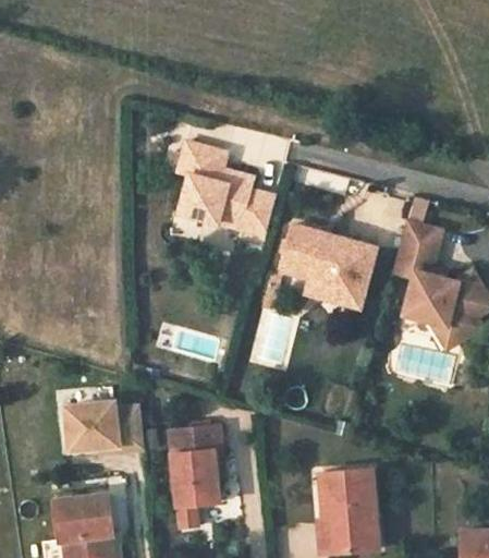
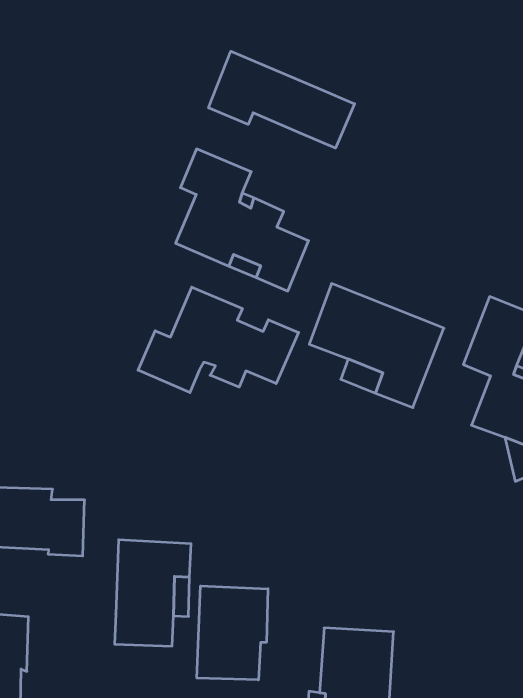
building: none -> [209,51,355,148]
building: none -> [138,287,299,393]
building: none -> [197,586,268,680]

